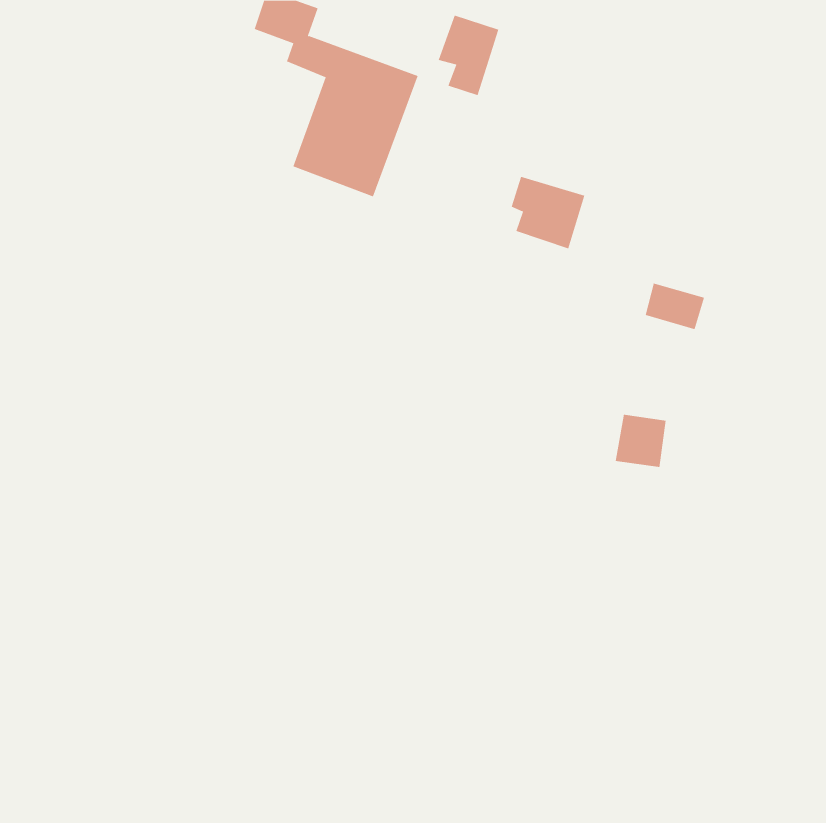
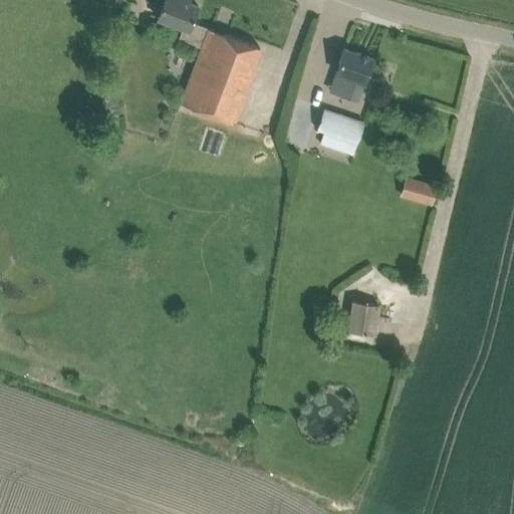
building: [438,15,499,96] -> [334,50,372,100]
building: [615,414,667,468] -> [347,302,379,335]

